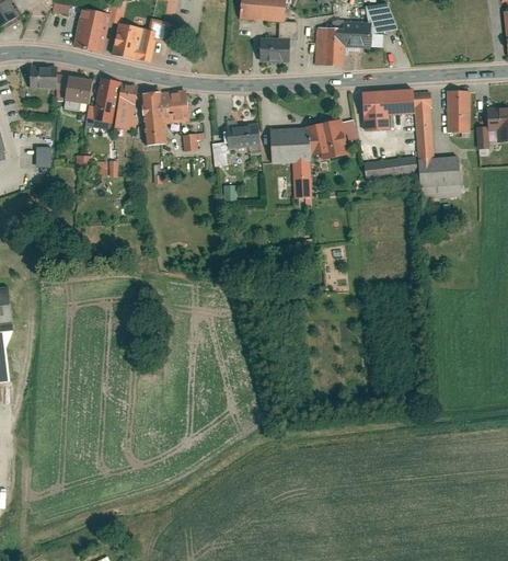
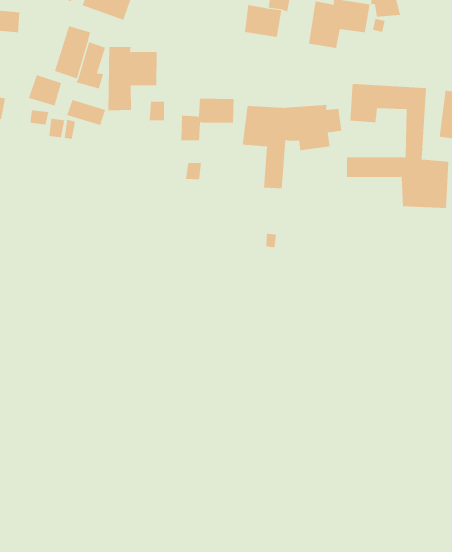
building: [62,75,91,101] -> [28,75,62,106]
building: none -> [67,99,106,126]

